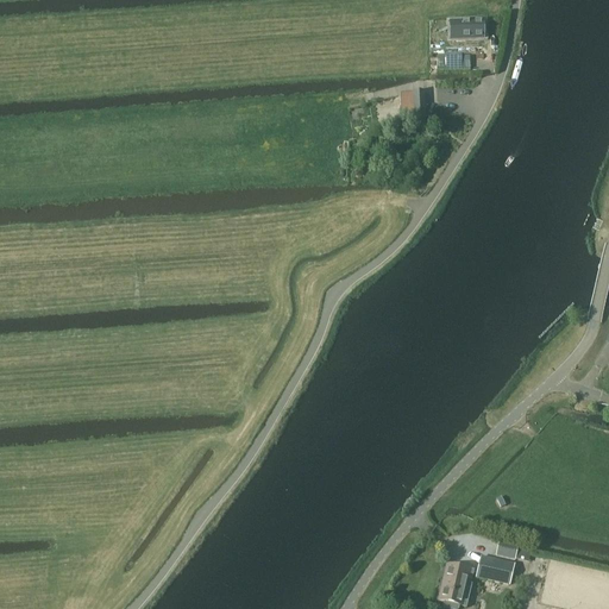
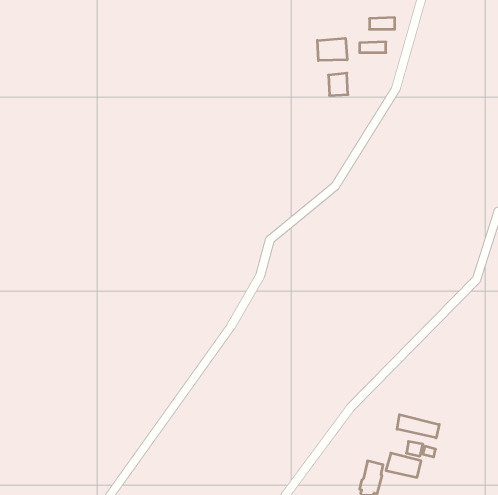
building: none -> [317,38,347,61]
building: none -> [397,415,439,438]

